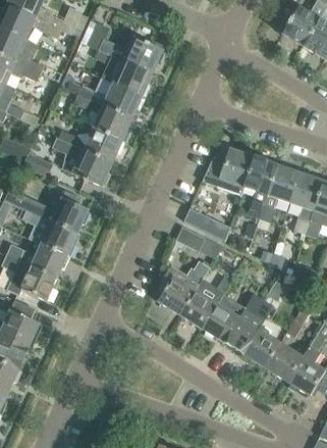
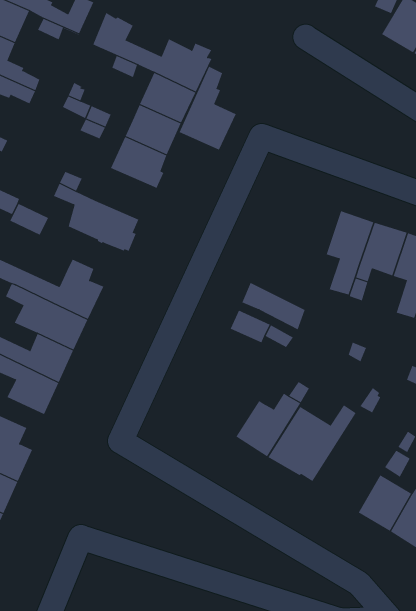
building: none -> [179,66,237,151]
building: [83,128,123,163] -> none
building: [220,149,254,188] -> none
building: [155,260,210,315] -> none
building: [234,299,281,368] -> none

